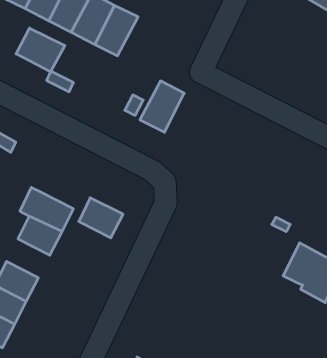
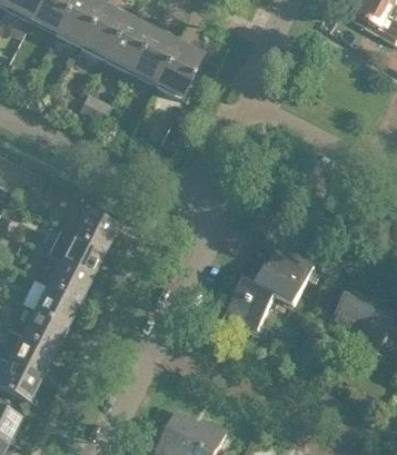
building: [16,28,65,72] -> none
building: [140,81,184,132] -> [155,41,202,97]
building: [79,198,123,238] -> [72,206,120,249]
building: none -> [226,244,314,325]
building: none -> [34,281,81,324]

